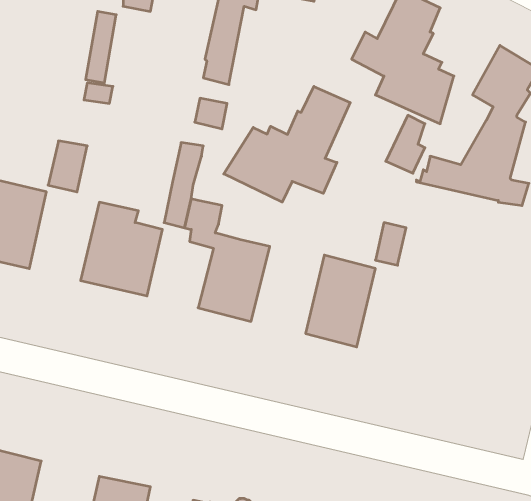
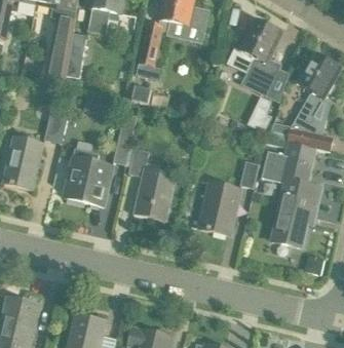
building: none -> [43,32,72,86]
building: [224,86,350,202] -> none
building: none -> [261,136,321,245]

